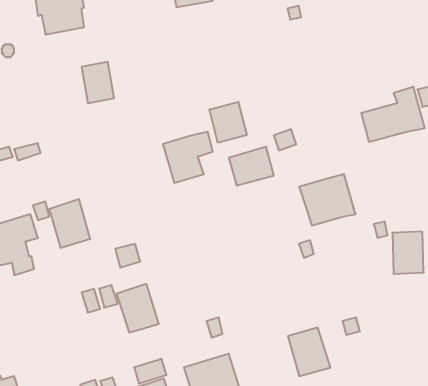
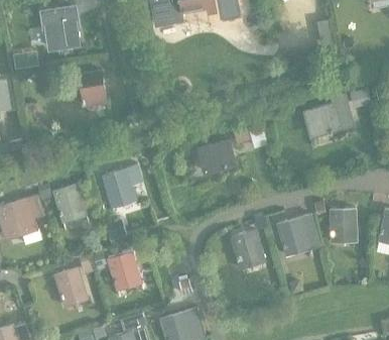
building: [209,102,247,143] -> none
building: [163,132,213,183] -> [102,165,142,207]
building: [299,174,355,225] -> [276,214,321,255]
building: none -> [53,268,88,307]
building: [288,328,330,376] -> [230,230,264,269]

